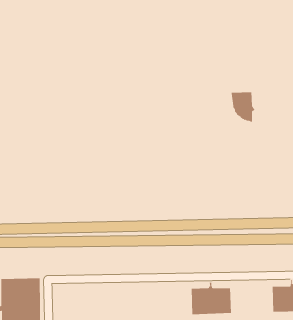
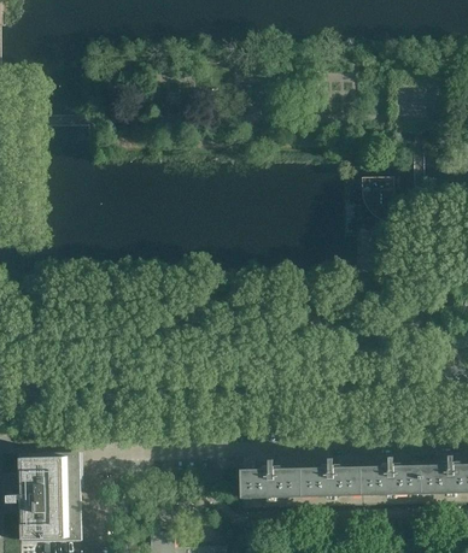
building: none -> [359,453,421,501]
building: none -> [240,457,302,505]

